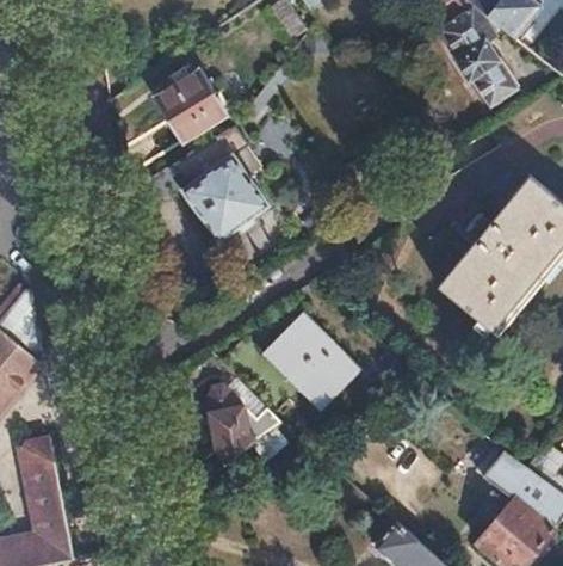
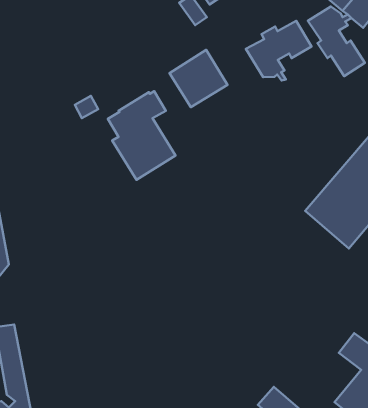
building: none -> [246,21,311,81]
building: [154,67,231,143] -> [169,50,227,107]
building: [260,312,357,402] -> none
building: [205,384,283,463] -> none

